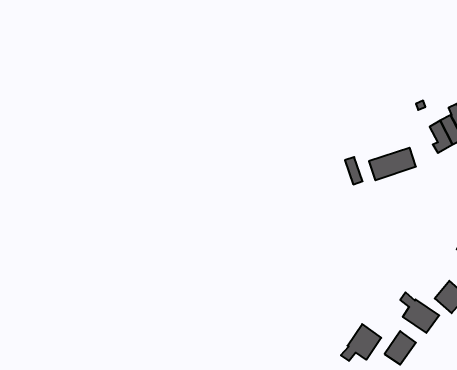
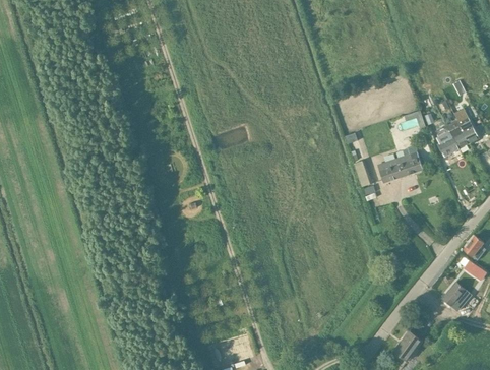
building: [400,292,439,333] -> none
building: [341,324,381,361] -> none

